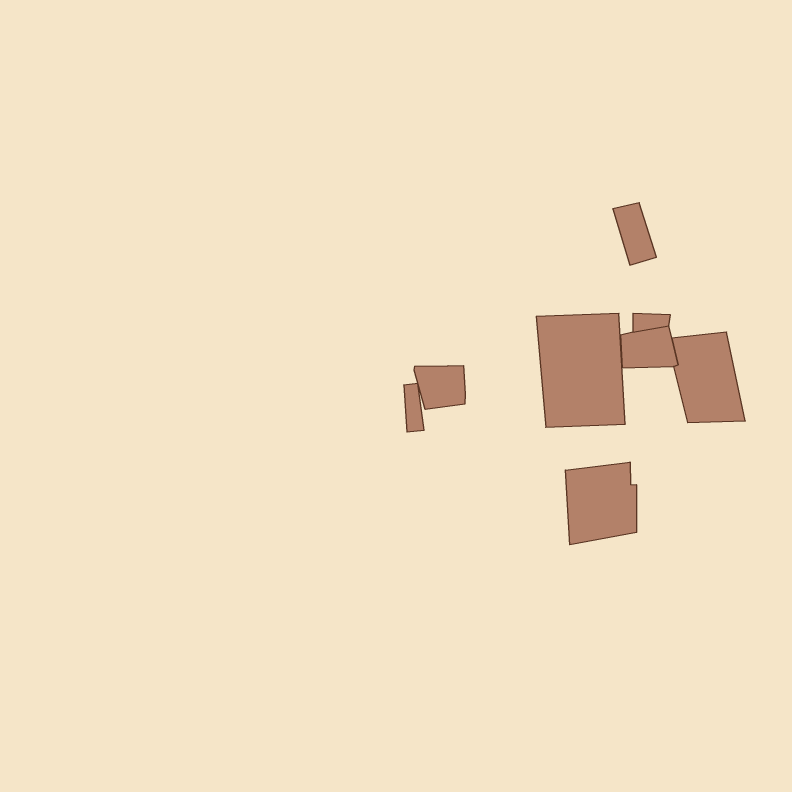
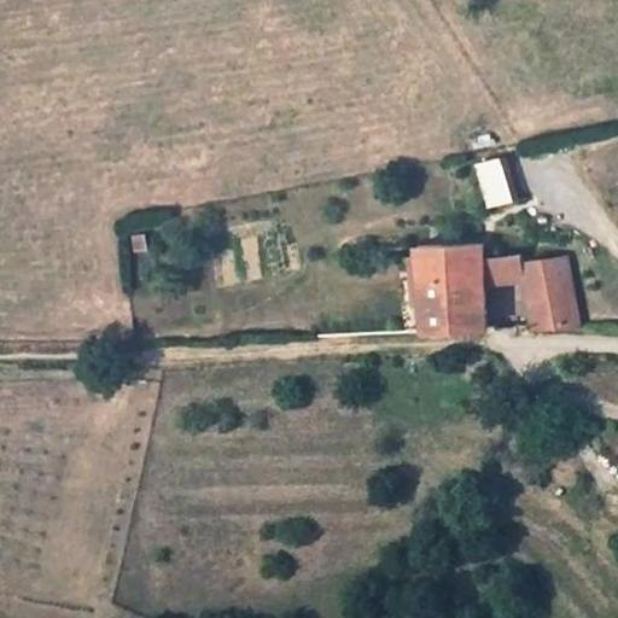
building: [414,366,465,409] -> none
building: [565,462,637,545] -> none

